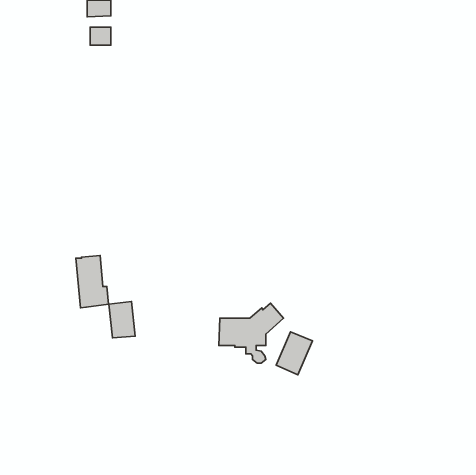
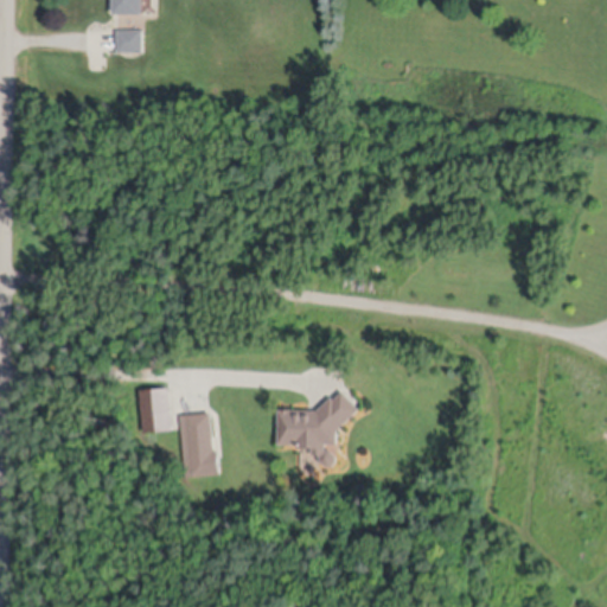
building: [76,255,109,308] -> [178,413,219,479]
building: [276,332,312,375] -> none

